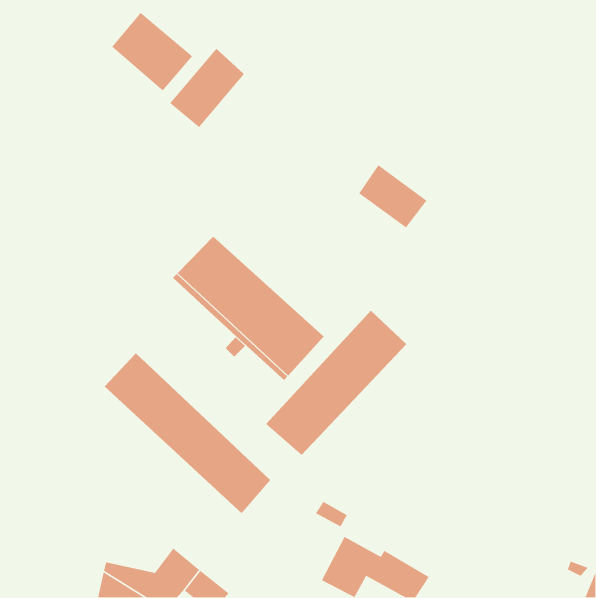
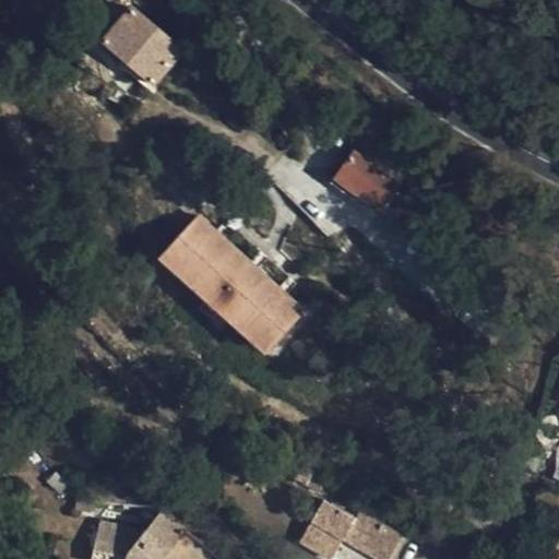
building: [169,48,245,128] -> none
building: [265,310,407,456] -> none
building: [104,353,271,514] -> none

